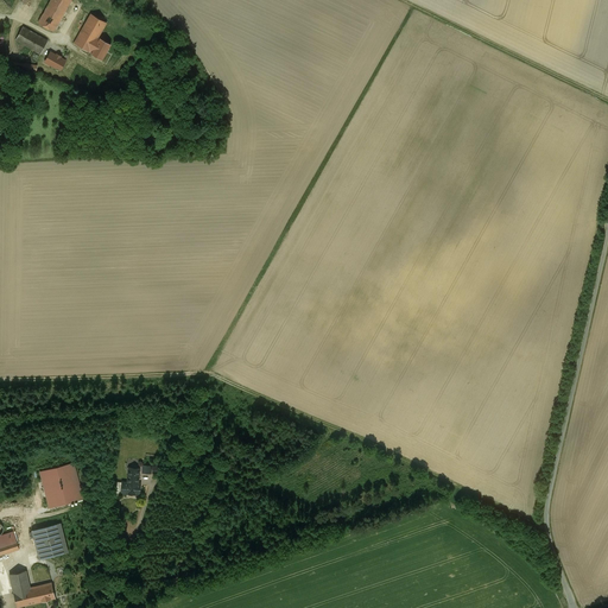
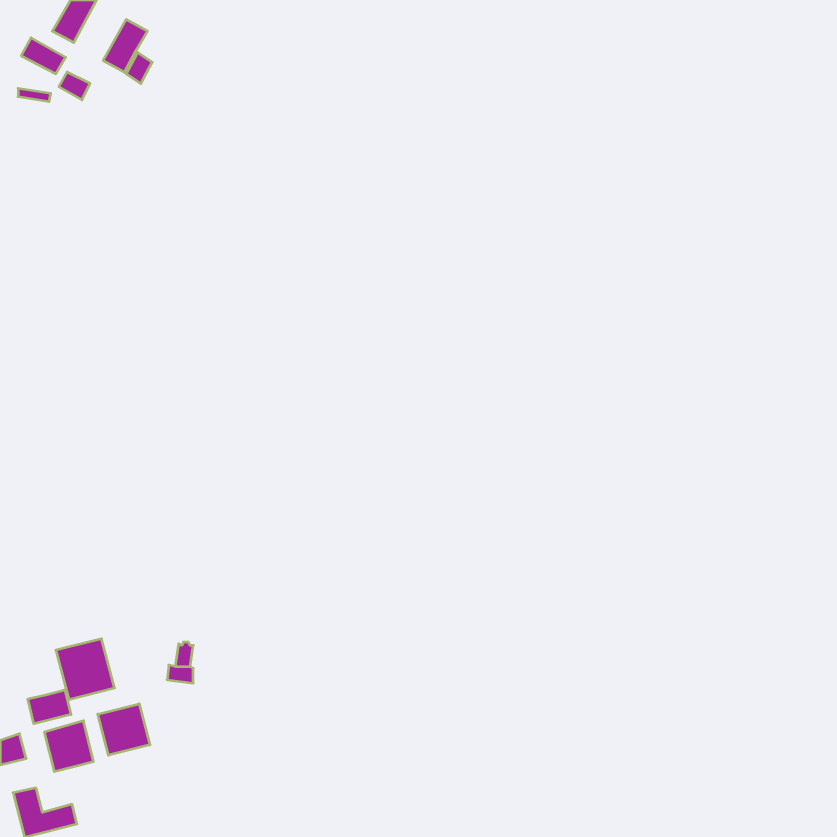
building: none -> [28,690,71,724]
building: none -> [98,704,150,755]

